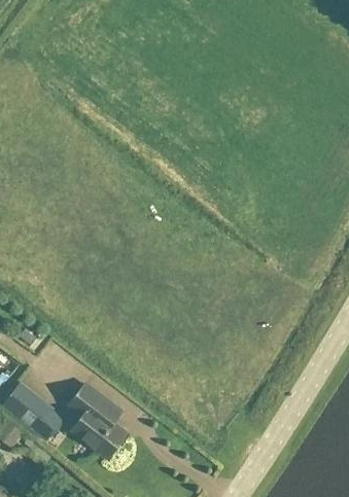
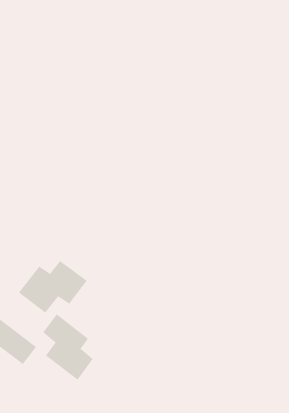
building: none -> [18,260,87,314]

